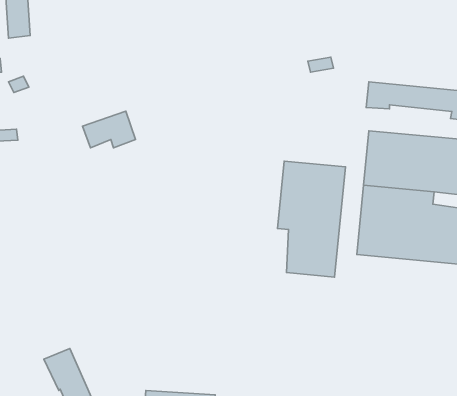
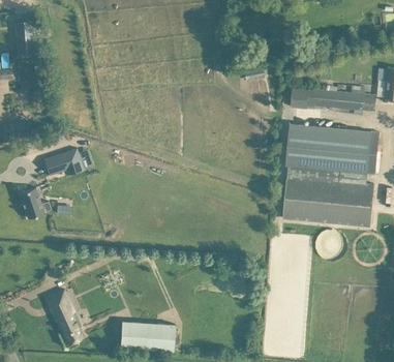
building: [82,111,135,148] -> [43,148,84,176]
building: [278,161,345,277] -> none
building: none -> [20,187,51,218]

